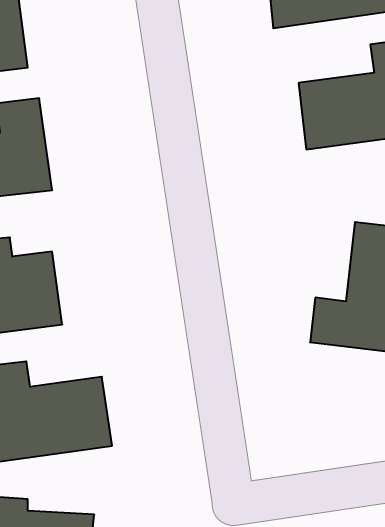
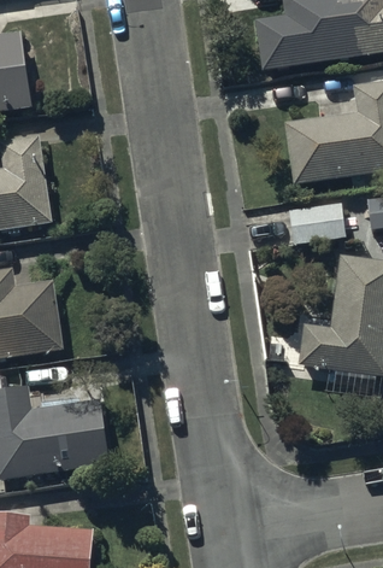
building: none -> [288,195,346,241]

